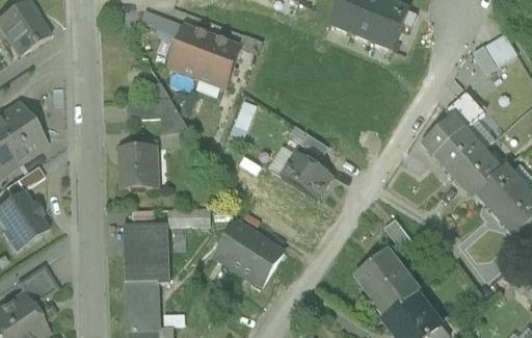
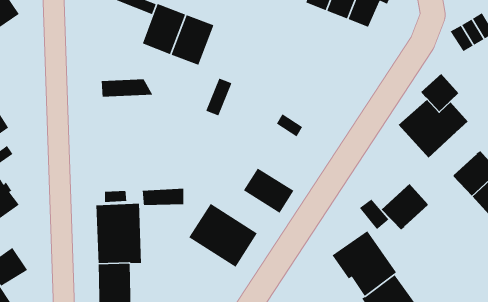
building: [119,145,159,188] -> none
building: [452,152,499,199] -> [381,183,428,231]
building: [281,153,331,199] -> [243,167,294,214]

